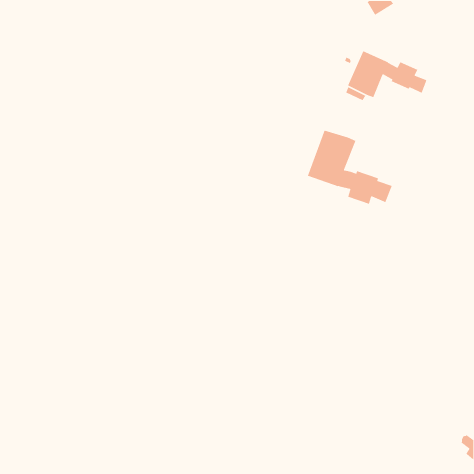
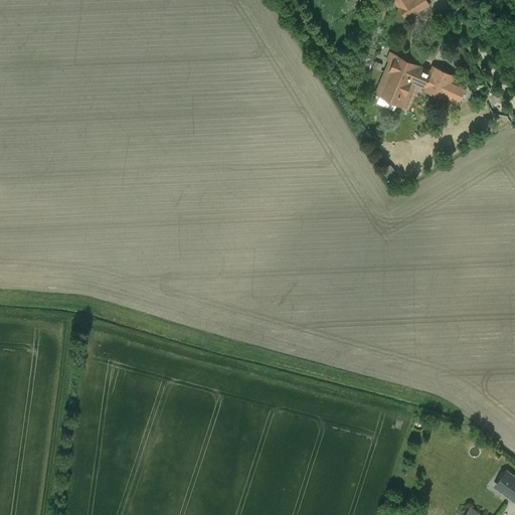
building: [307,129,393,205] -> none

